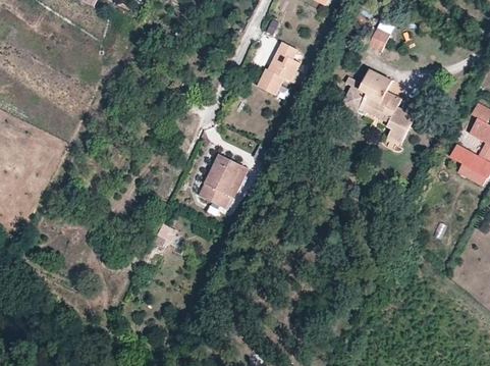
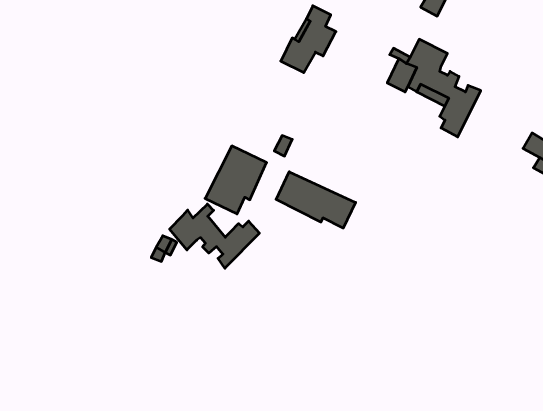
building: none -> [276,172,356,228]
building: none -> [170,204,259,268]

